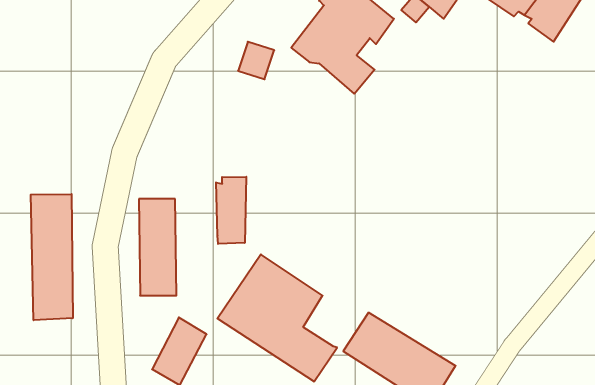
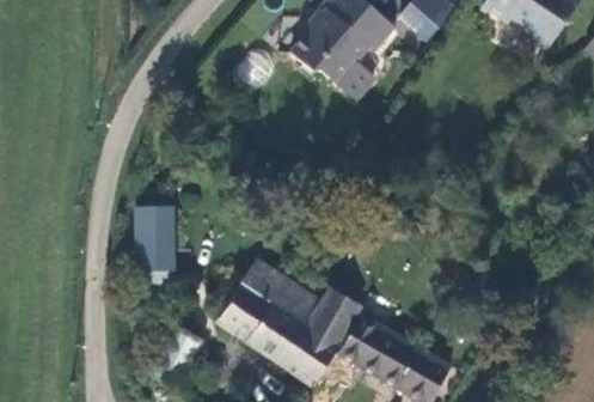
building: [216,177,246,244] -> none
building: [31,194,73,320] -> none
building: none -> [301,284,360,349]

